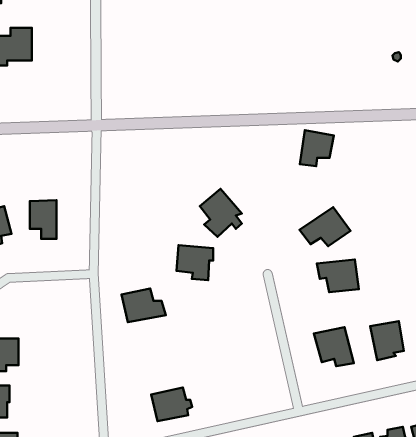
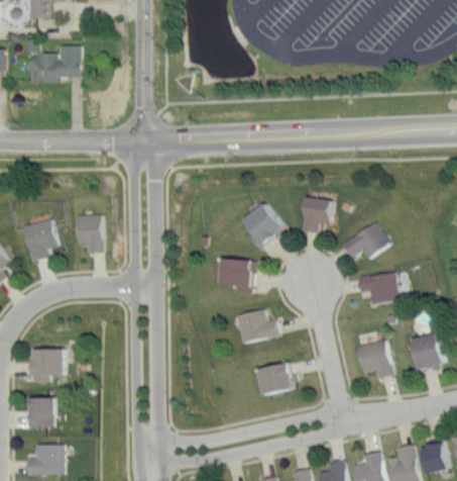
building: [300,130,334,166] -> [301,197,334,232]
building: [122,288,166,322] -> [236,309,279,343]
building: [151,387,192,421] -> [257,363,298,396]

